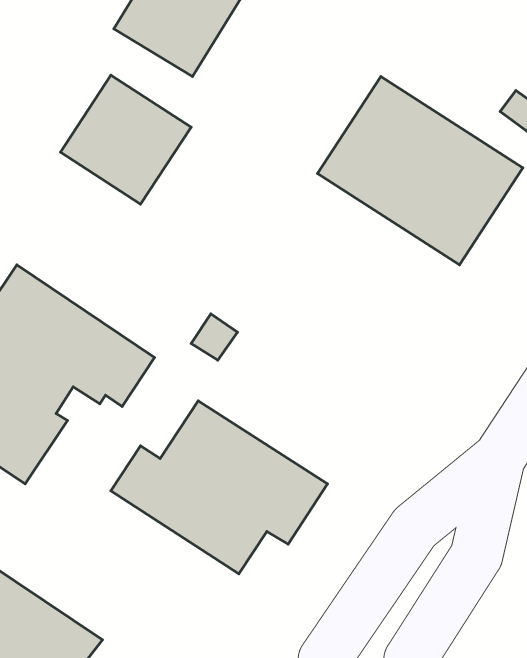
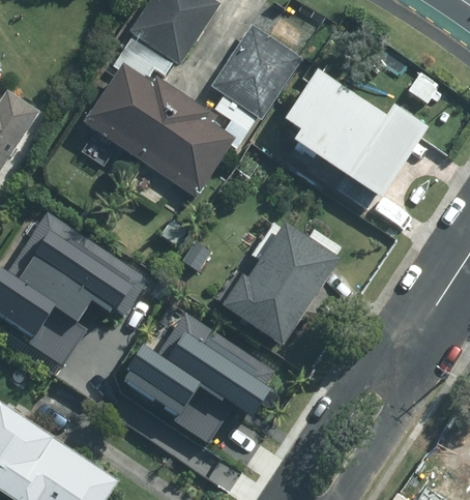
building: none -> [210,25,304,121]
building: none -> [142,104,237,199]
building: none -> [218,222,342,353]

